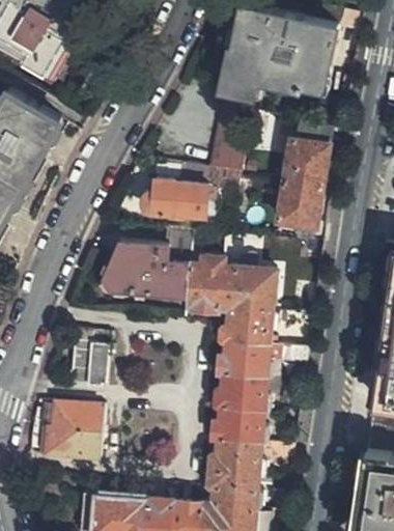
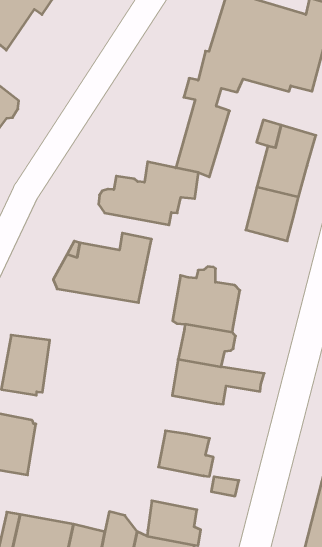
building: [184,259,221,309] -> none
building: [220,376,268,412] -> none
building: [214,442,263,478] -> none

